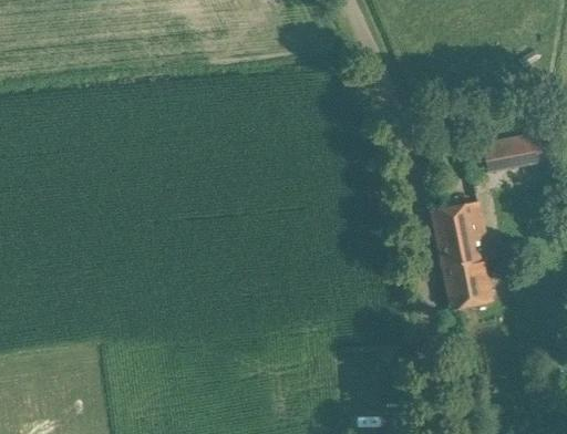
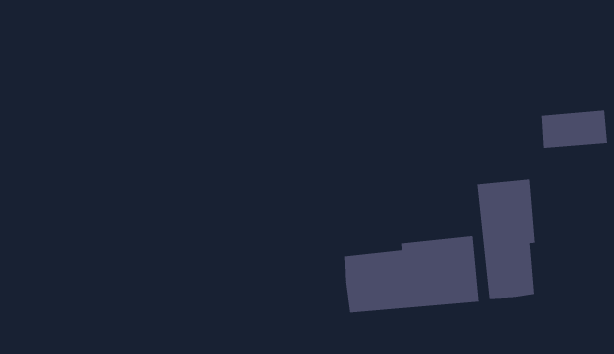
building: none -> [344,235,479,313]

